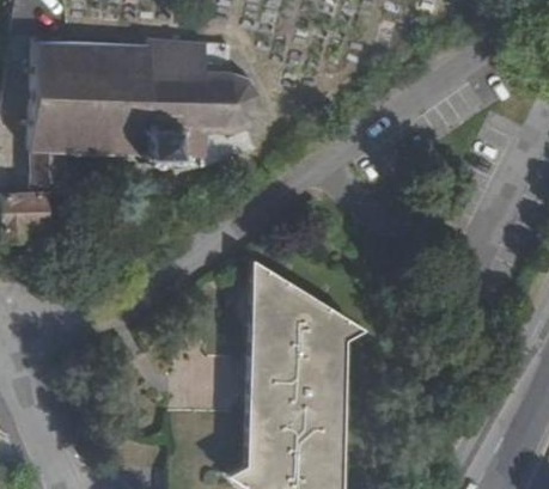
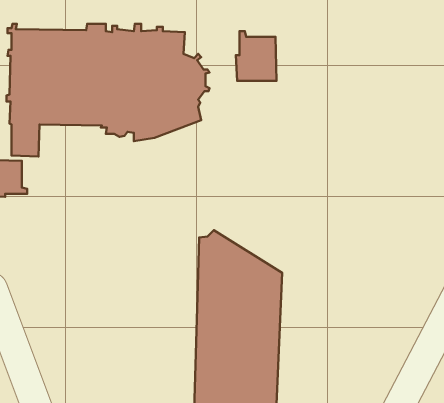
building: none -> [236,31,277,81]

